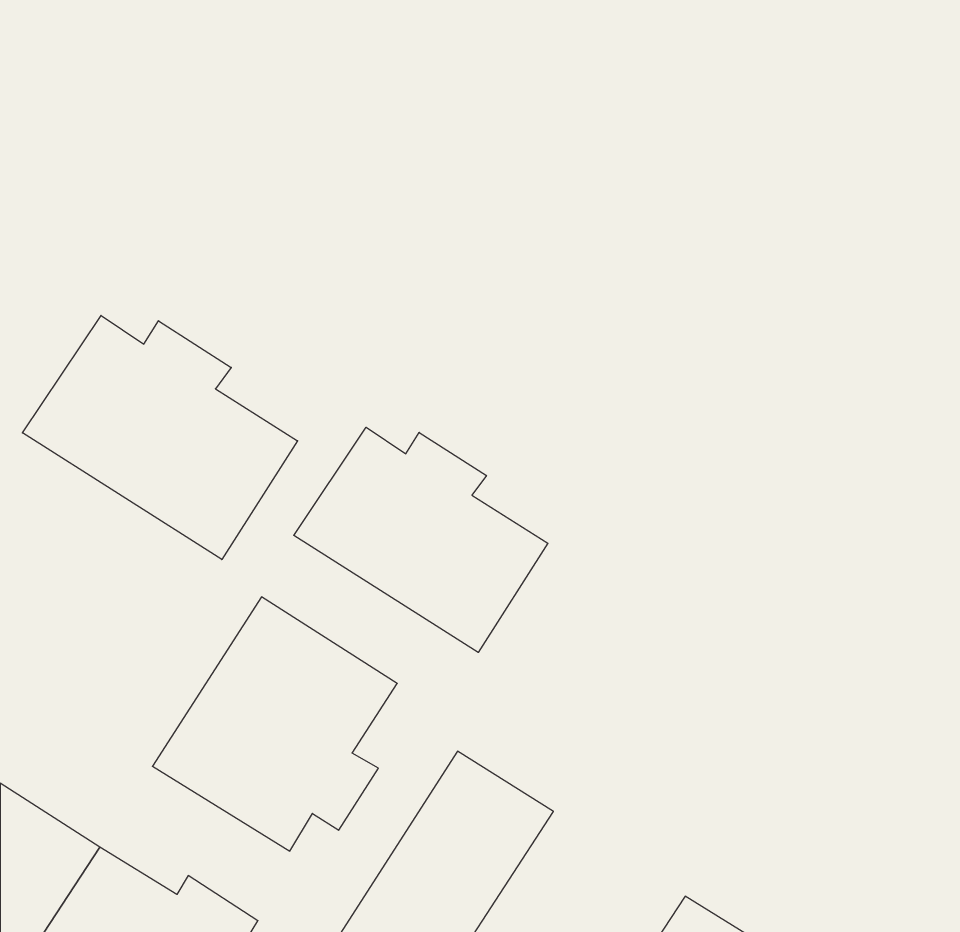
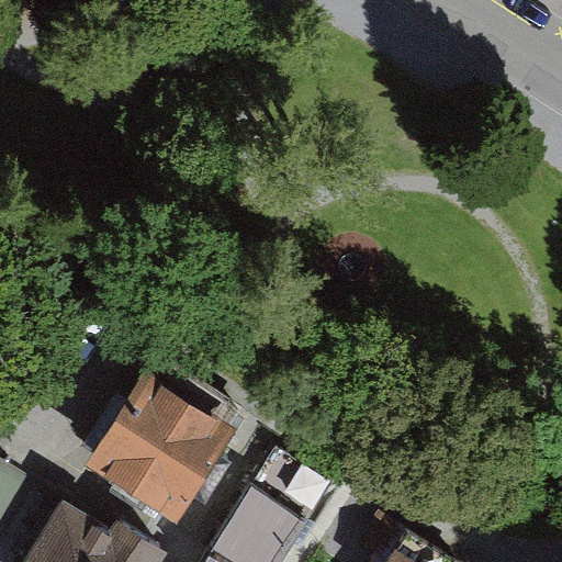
building: [22,315,298,560] -> none
building: [294,427,548,652] -> none

